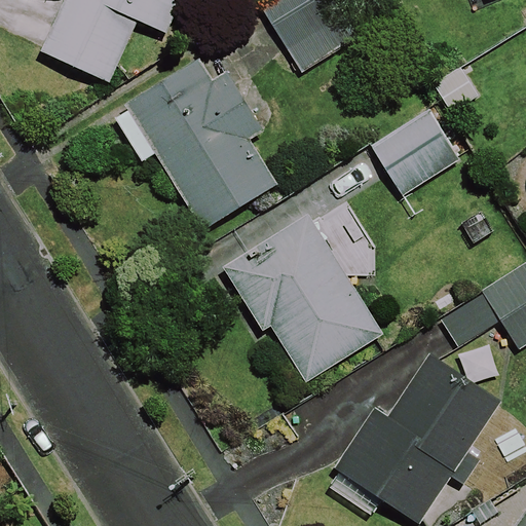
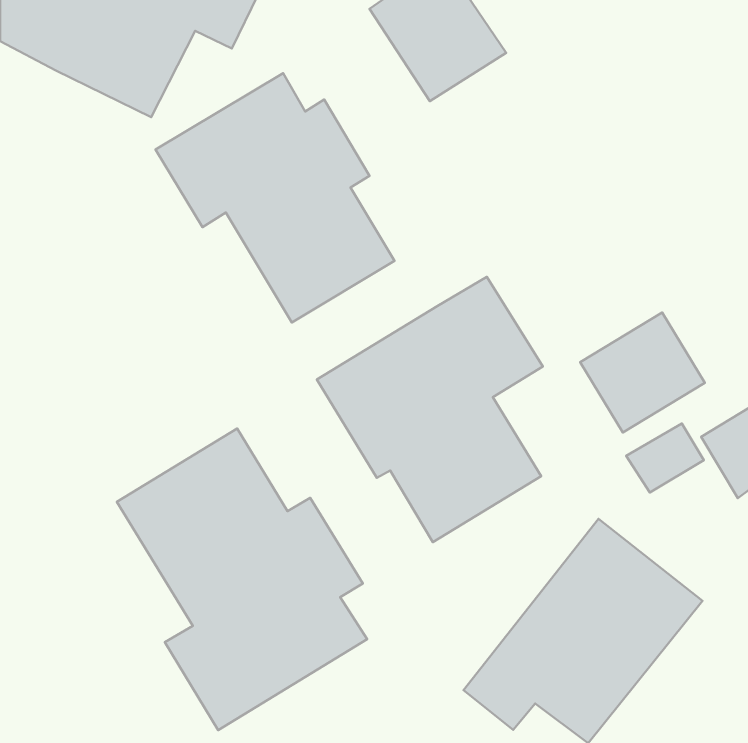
building: [371,111,458,195] -> [580,312,705,433]
building: none -> [117,429,367,730]

